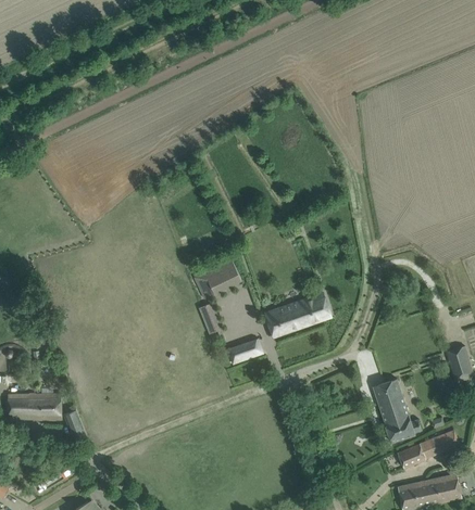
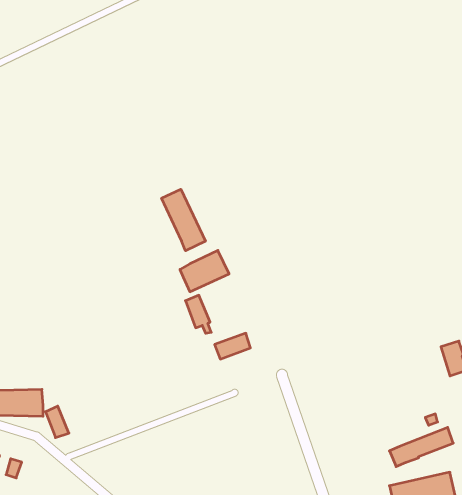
building: none -> [162,189,205,251]
building: [264,293,330,336] -> none
building: [372,379,421,442] -> none

